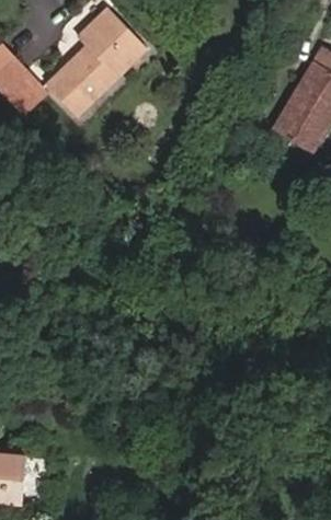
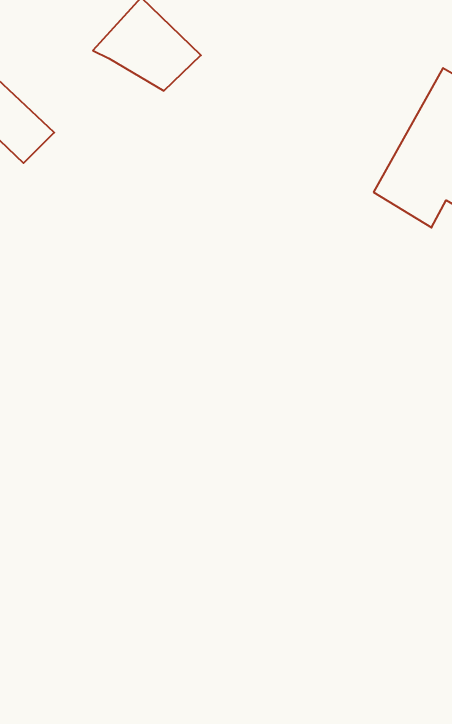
building: [50,46,126,113] -> none

